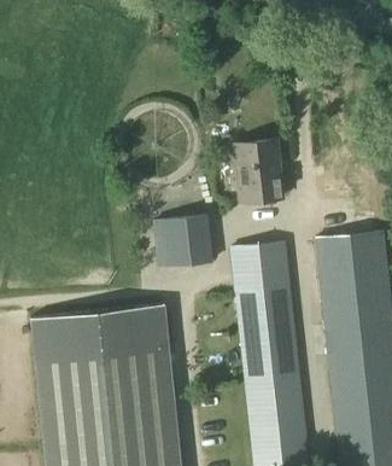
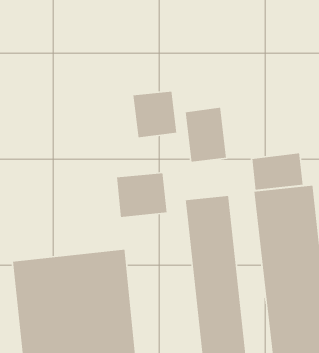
building: none -> [133,91,177,138]
building: none -> [251,152,303,190]

